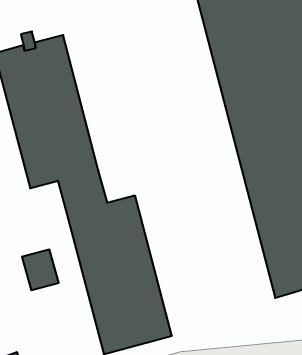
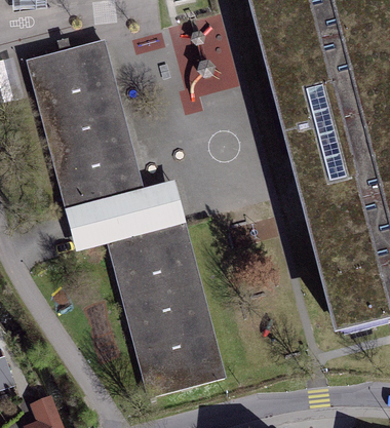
building: none -> [143,183,184,227]
building: [22,250,59,290] -> [67,202,108,247]

